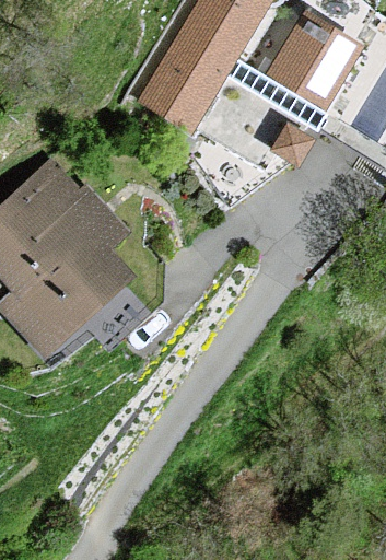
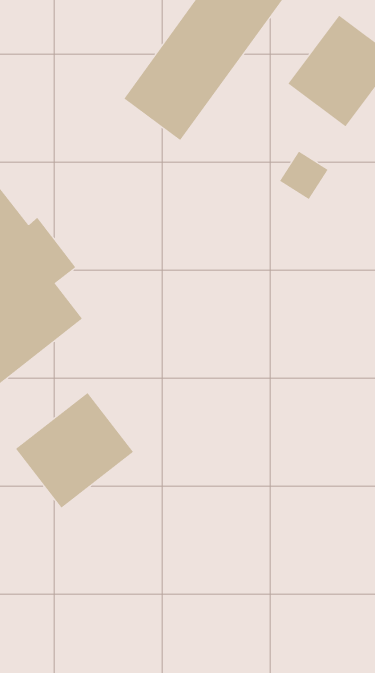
building: none -> [15,392,134,508]

